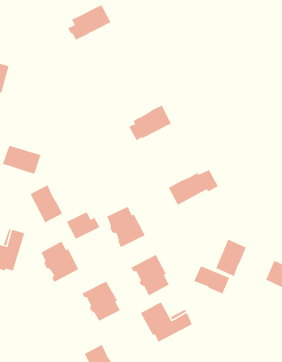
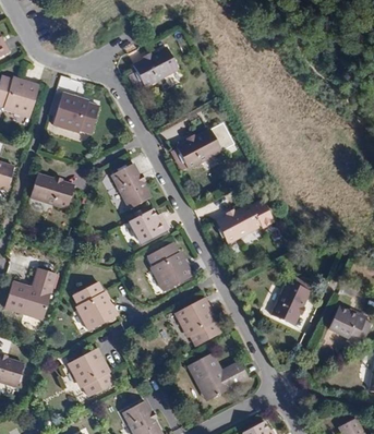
building: [67,4,111,41] -> [129,48,179,89]
building: none -> [52,93,98,133]
building: [29,184,63,224] -> [112,164,150,208]
building: [66,211,101,240] -> [130,209,169,242]
building: [193,265,230,295] -> none
building: [81,280,121,322] -> [68,349,112,396]

